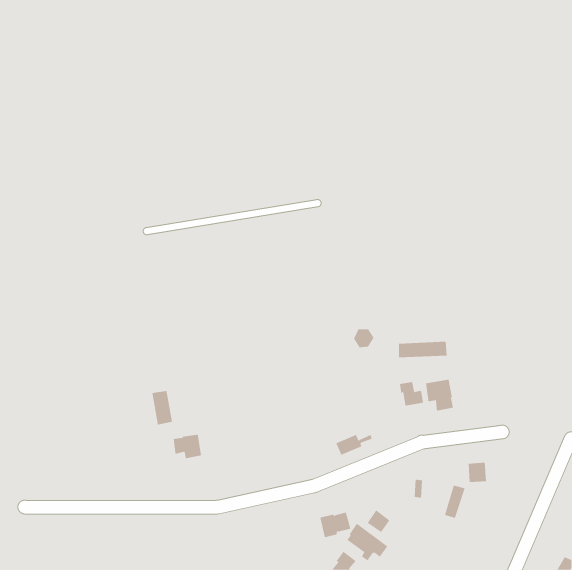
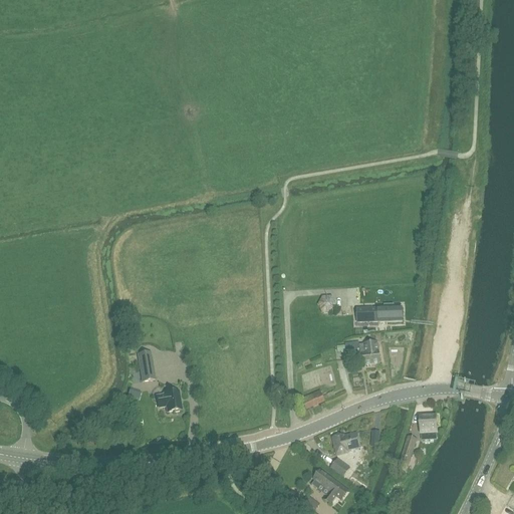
building: [426,379,454,411] -> none
building: [320,512,351,538] -> [331,431,359,454]

